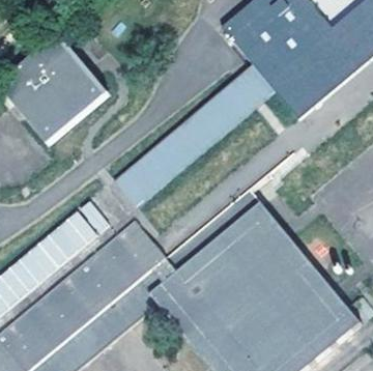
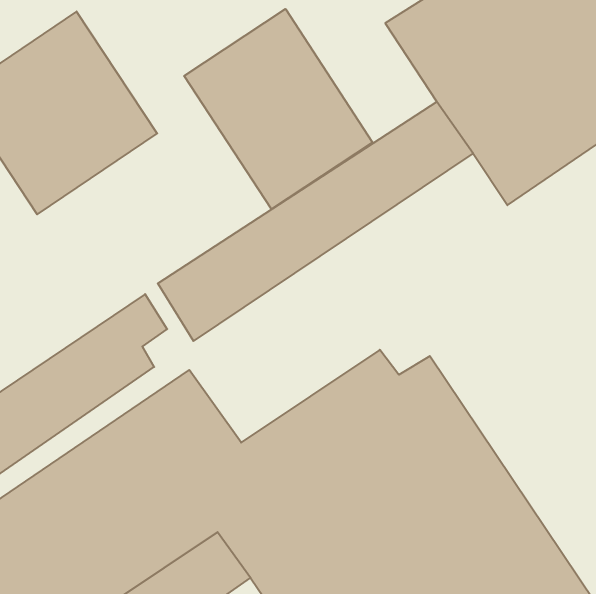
building: none -> [184,9,373,209]

